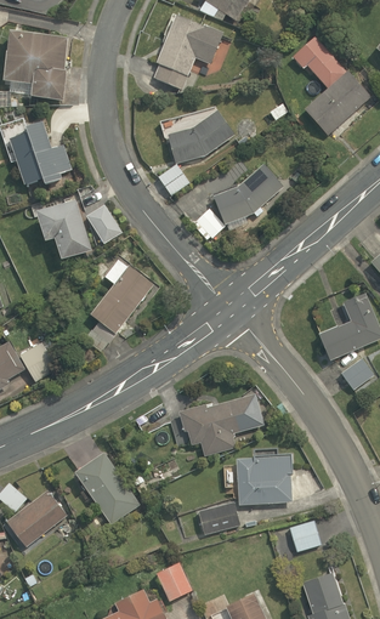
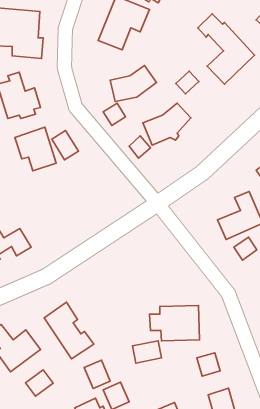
building: none -> [176,71,199,94]
building: [90,260,152,336] -> none
building: [182,397,254,456] -> none
building: none -> [84,360,110,389]
building: none -> [26,370,53,396]

